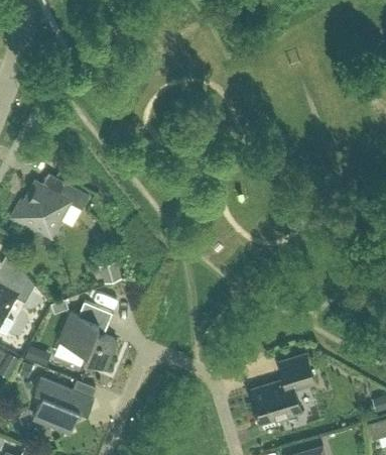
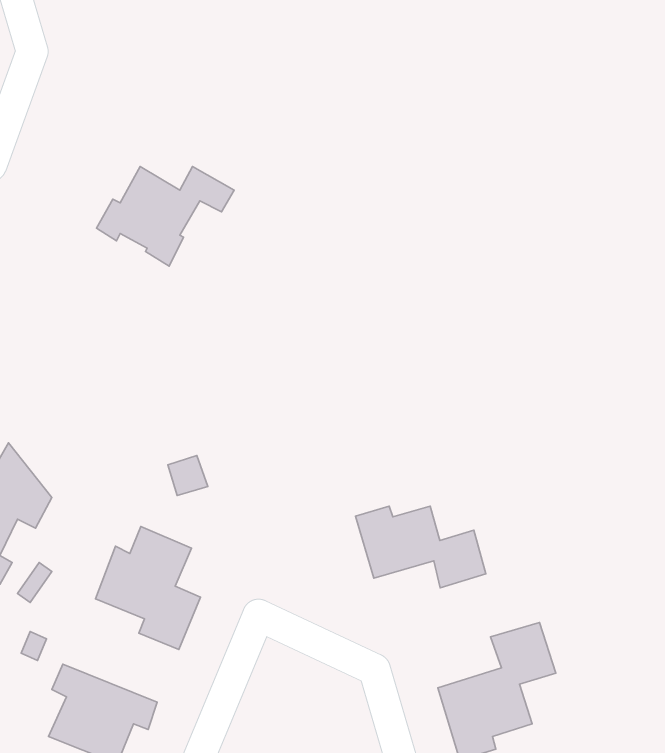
building: [11,183,88,238] -> [97,166,234,266]
building: none -> [355,506,486,588]

